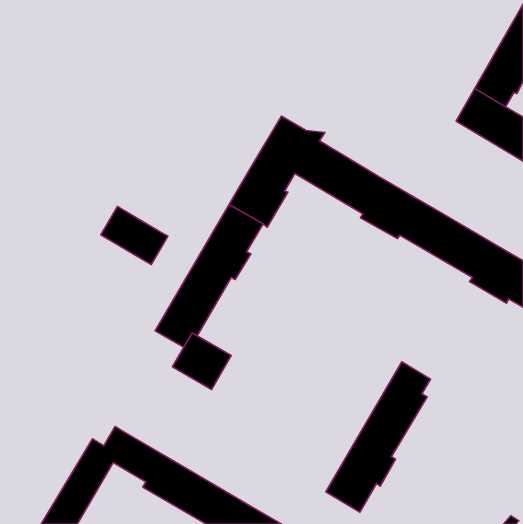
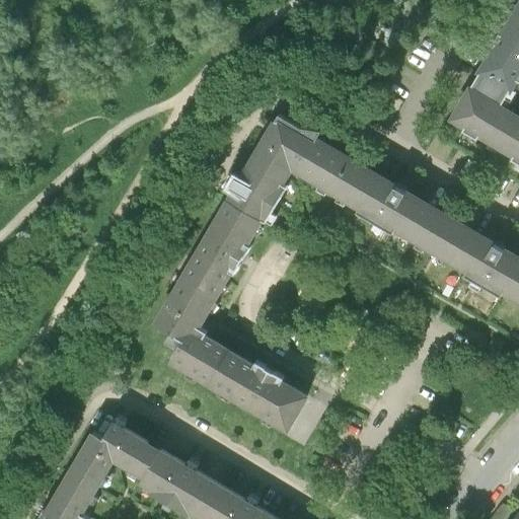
building: [101,207,168,264] -> none
building: none -> [209,351,306,430]
building: [326,362,431,512] -> none

